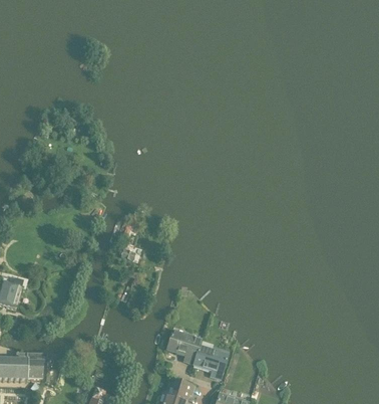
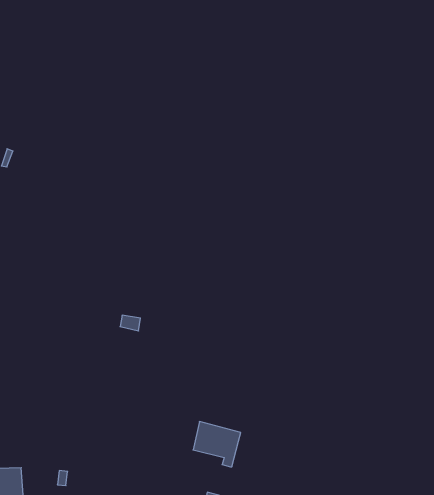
building: [193,345,228,379] -> none

